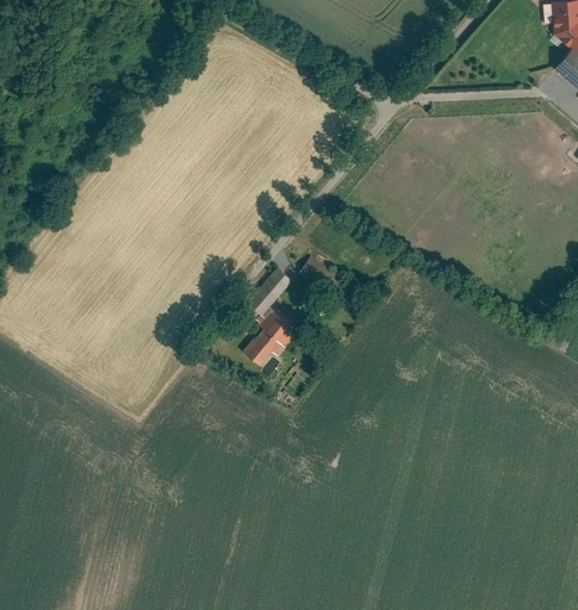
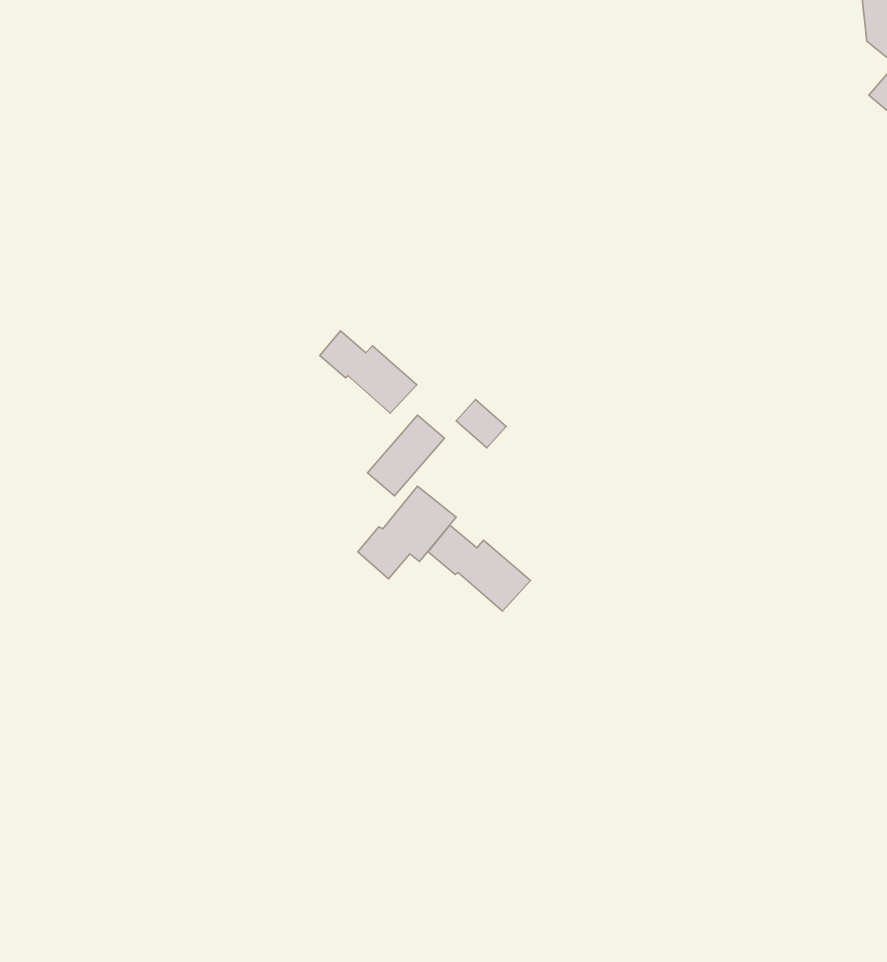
building: none -> [320,331,417,413]
building: none -> [428,525,530,611]

